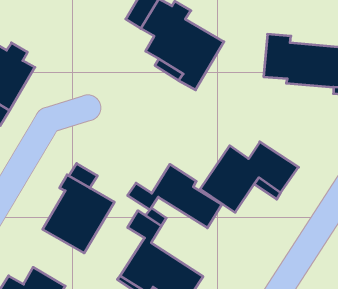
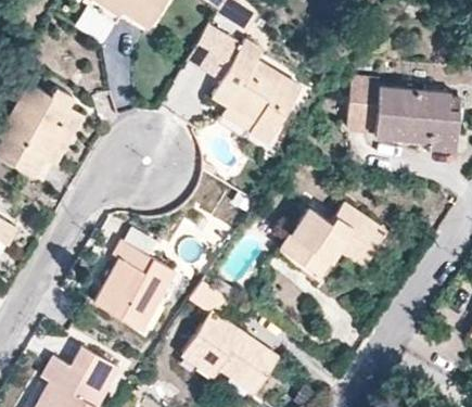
building: [128,164,222,228] -> none

